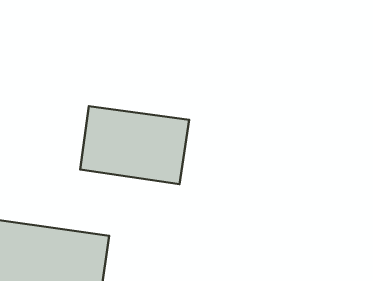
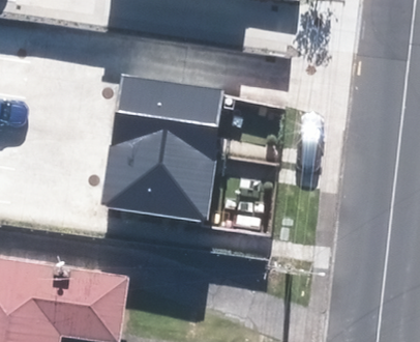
building: none -> [110,75,224,153]

